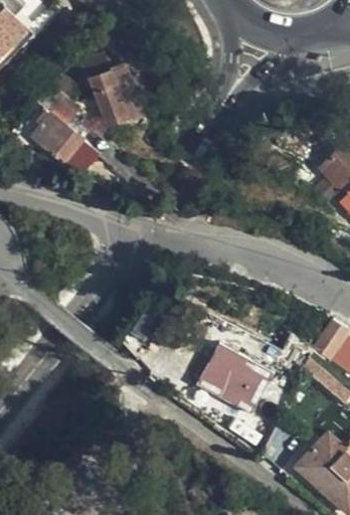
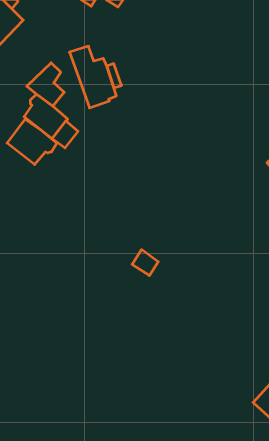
building: none -> [7,119,57,165]
building: [203,356,265,410] -> none

